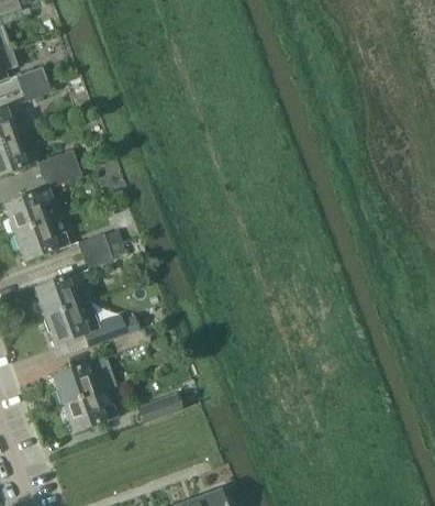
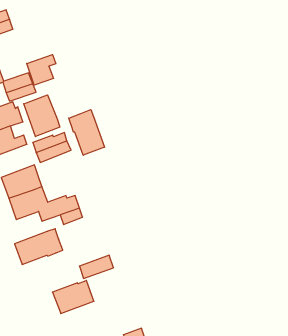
building: none -> [27,55,56,85]
building: none -> [24,95,60,137]
building: none -> [69,110,105,155]
building: [62,388,116,432] -> [52,280,94,314]

